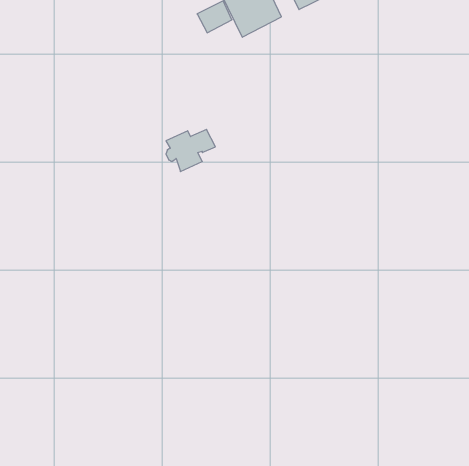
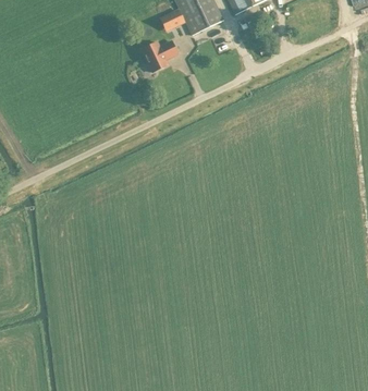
building: [166,129,215,172] -> [142,39,179,71]

